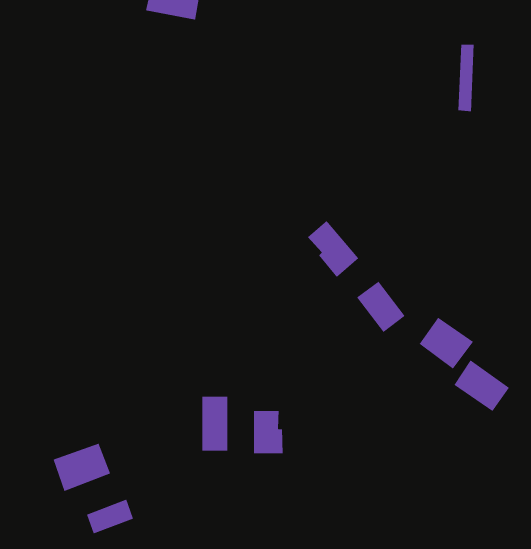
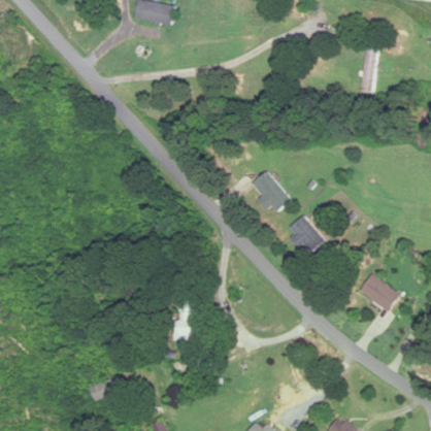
building: [419,317,474,370] -> none
building: [254,410,283,454] -> none
building: [53,443,111,492] -> none

